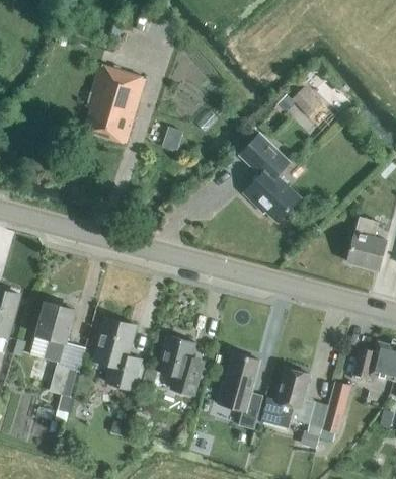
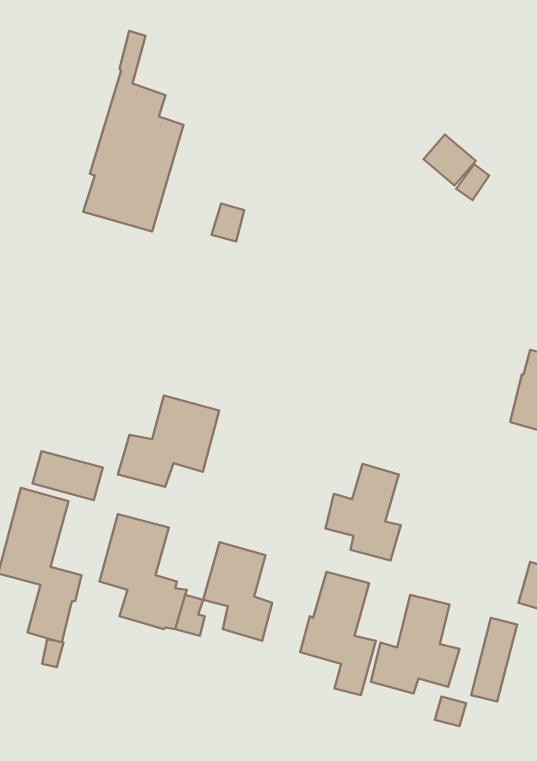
building: [239,134,299,222] -> none
building: none -> [118,396,219,487]
building: none -> [33,451,103,500]
building: none -> [326,464,401,561]

